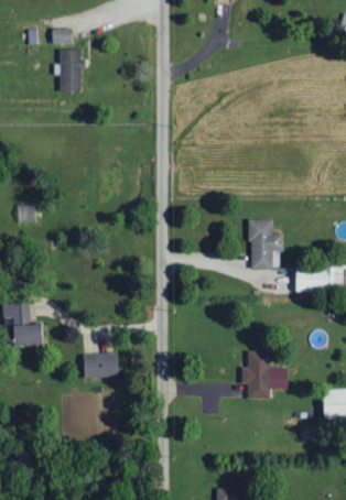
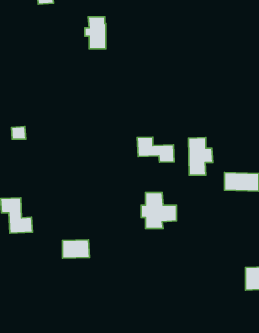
building: [54,50,82,91] -> [85,17,106,49]
building: none -> [137,137,174,162]
building: [241,351,288,399] -> [141,192,177,229]

